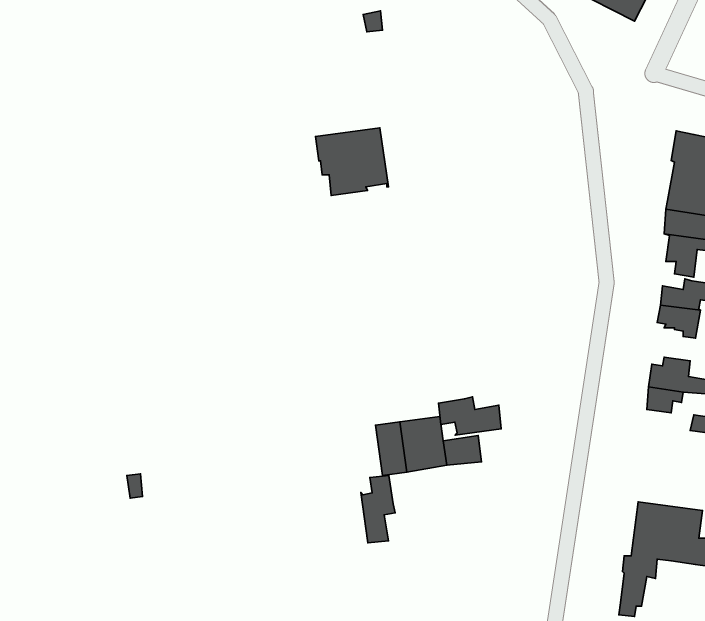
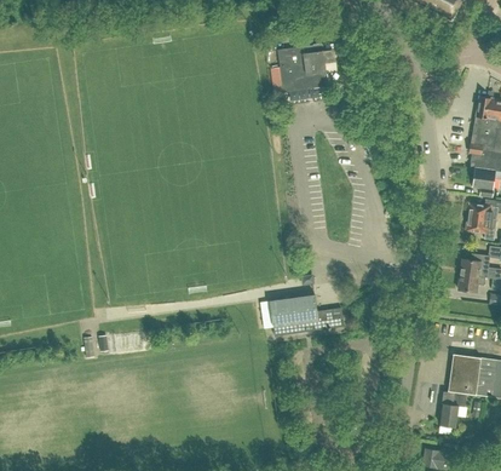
building: [315,128,388,196] -> [277,44,328,91]
building: [439,397,501,435] -> none
building: [361,476,395,543] -> none

